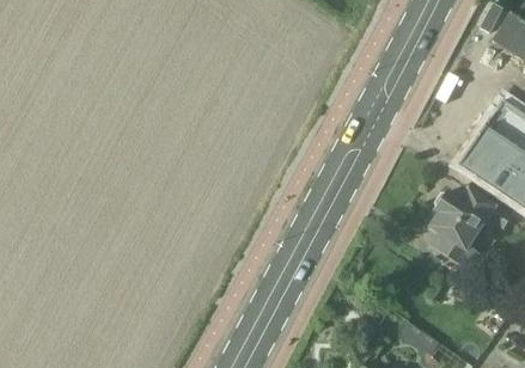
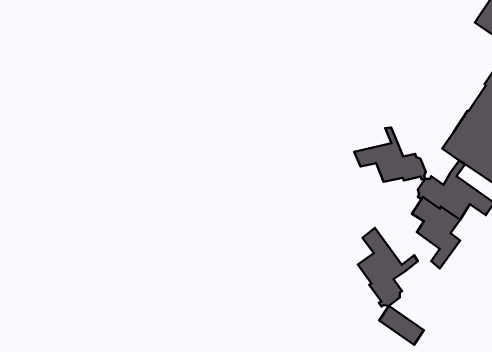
building: none -> [354,128,426,182]
building: none -> [358,228,418,306]

